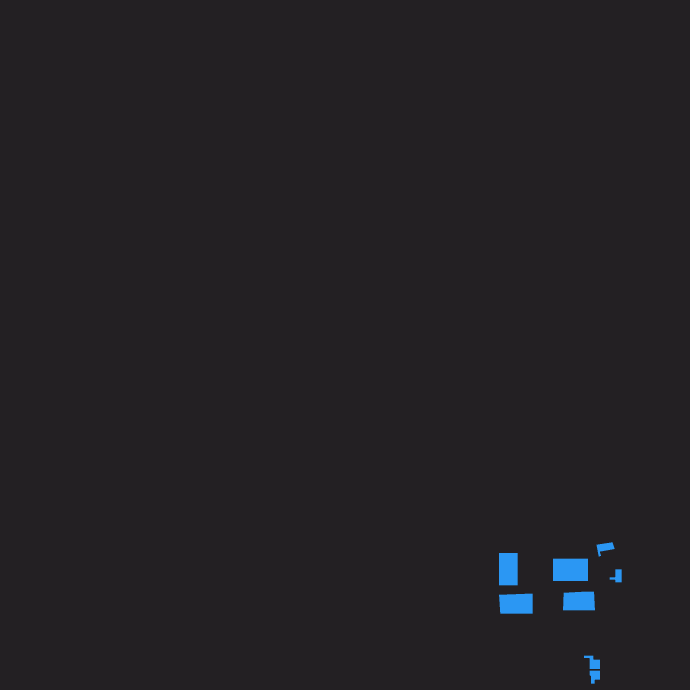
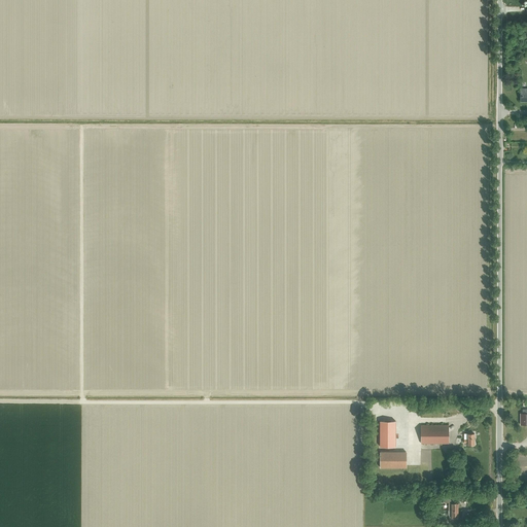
building: [562,591,596,611] -> none

